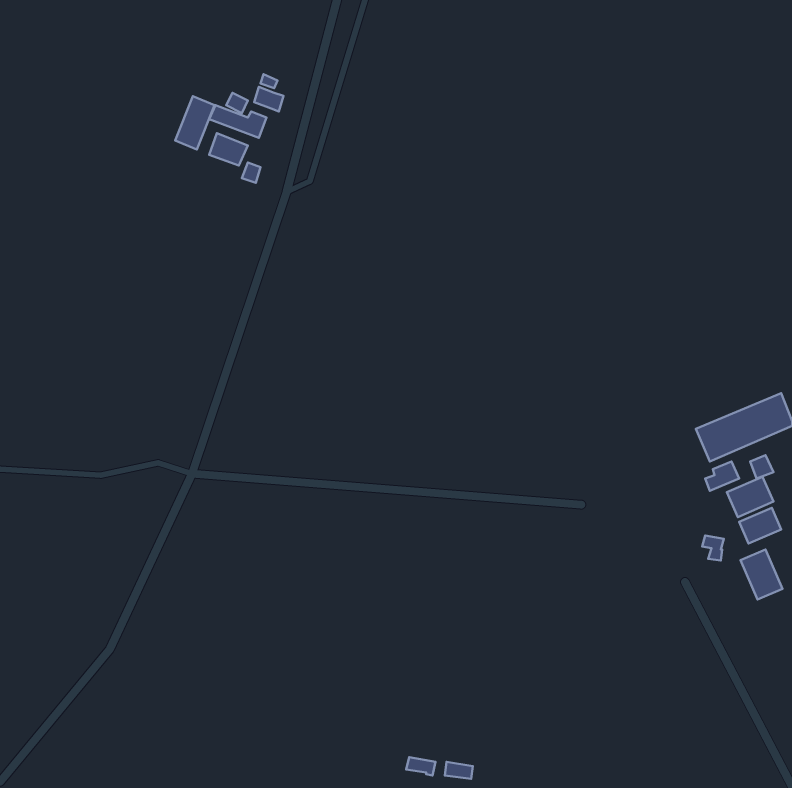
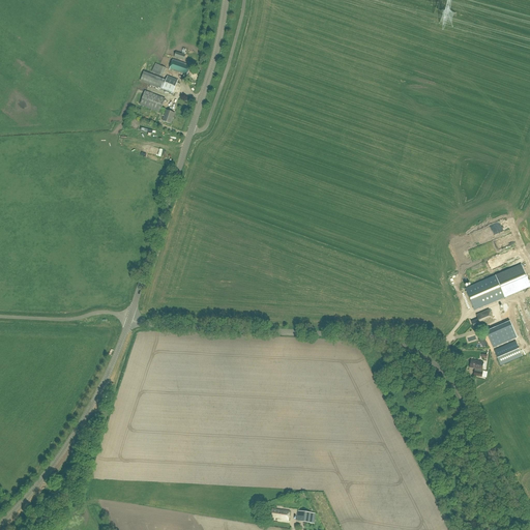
building: [175,96,214,149] -> none
building: [740,549,782,599] -> none

